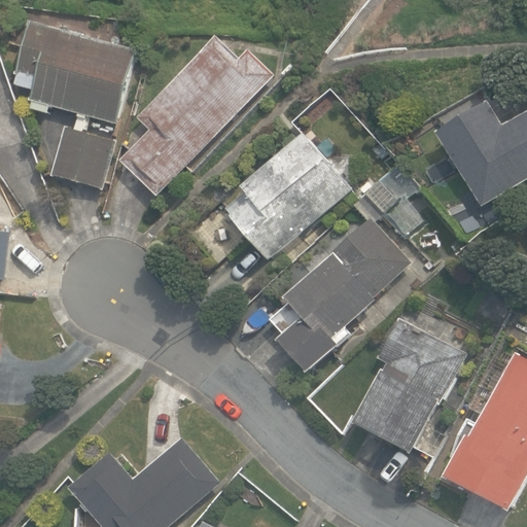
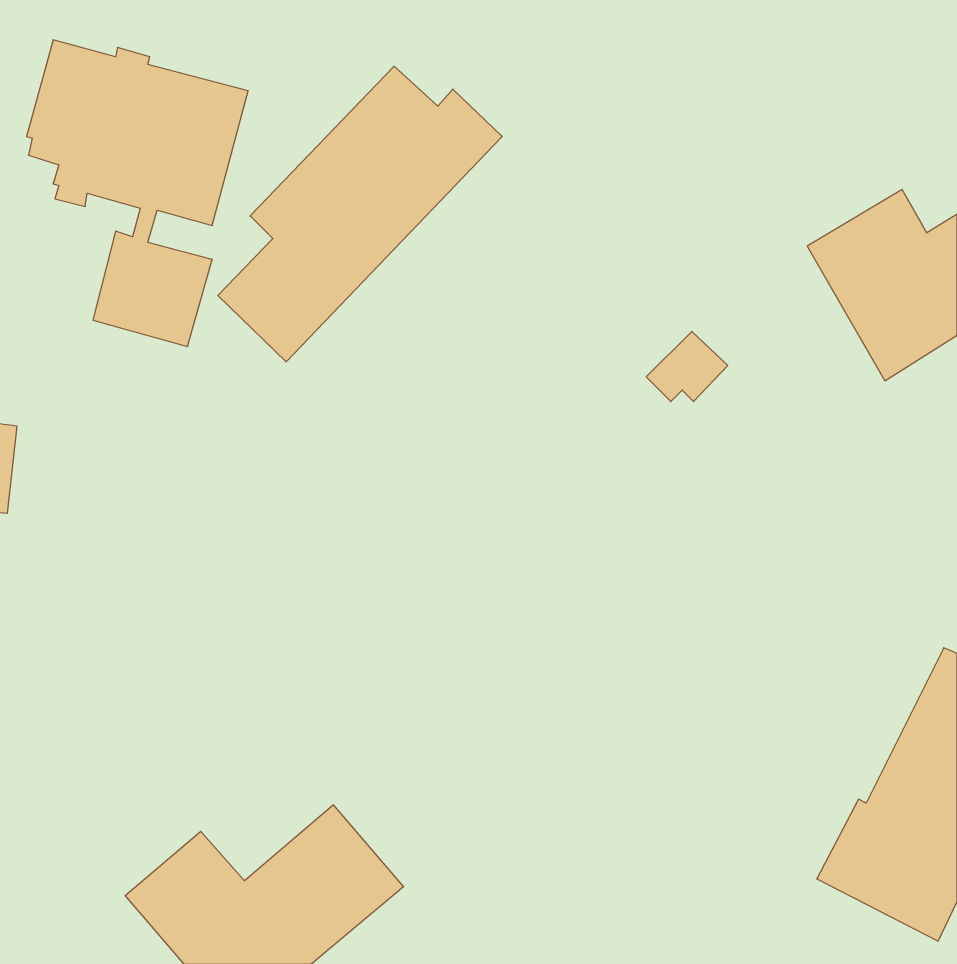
building: [222,132,352,262] -> none
building: [278,218,411,373] -> none
building: [354,318,466,455] -> none

